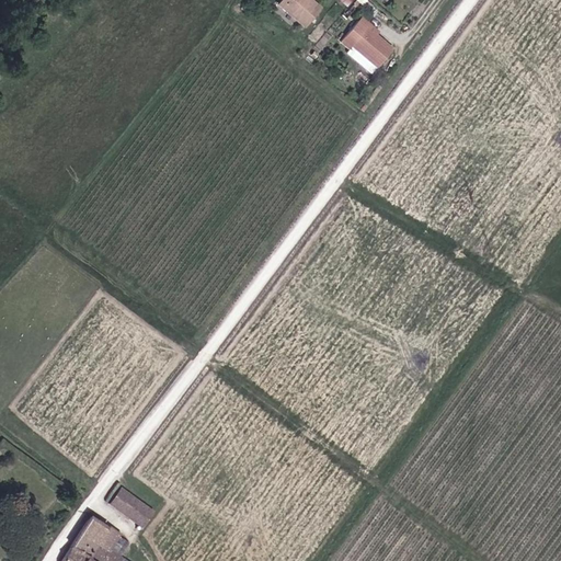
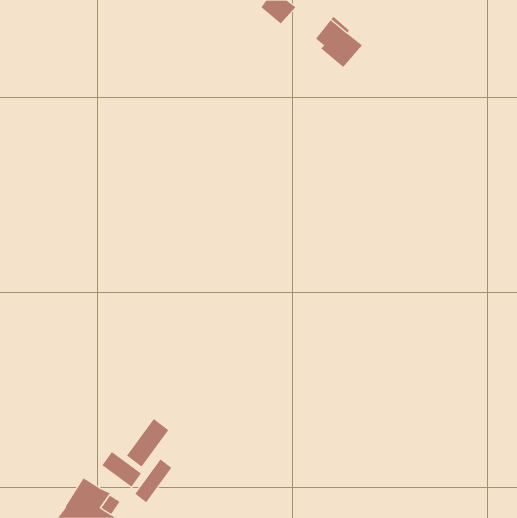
building: none -> [126,418,169,467]
building: none -> [134,459,172,503]

